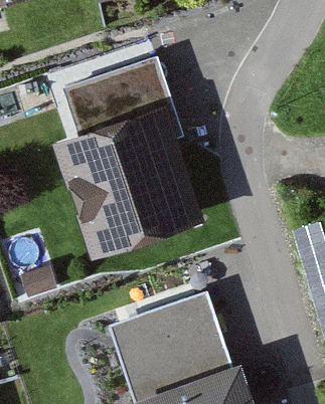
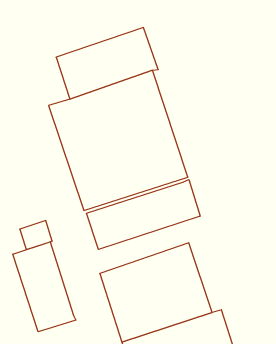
building: none -> [86,180,200,249]
building: none -> [13,242,76,332]

